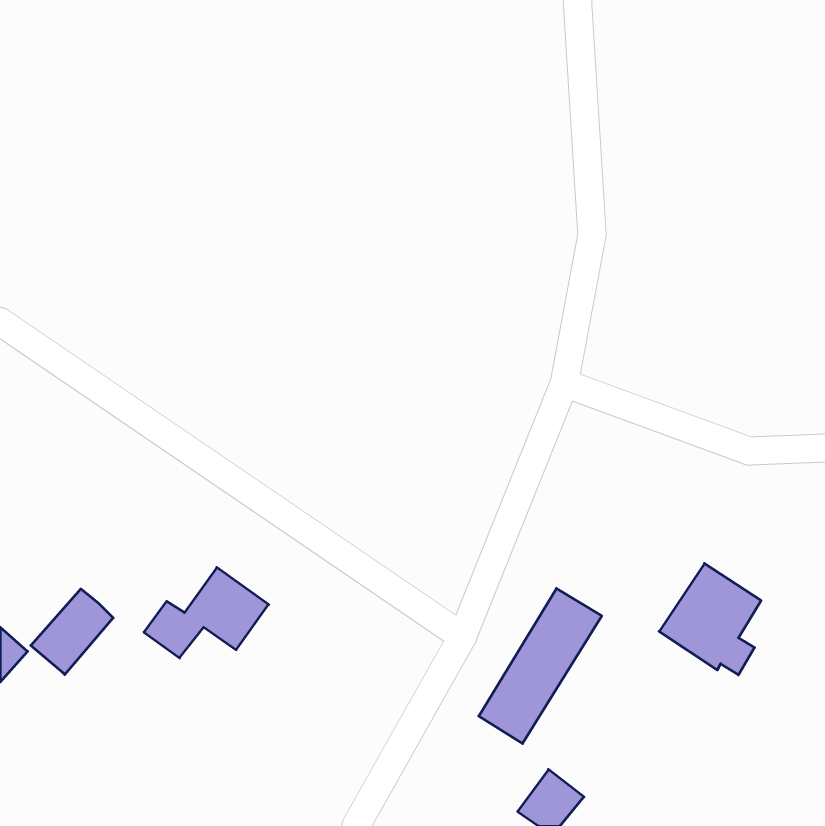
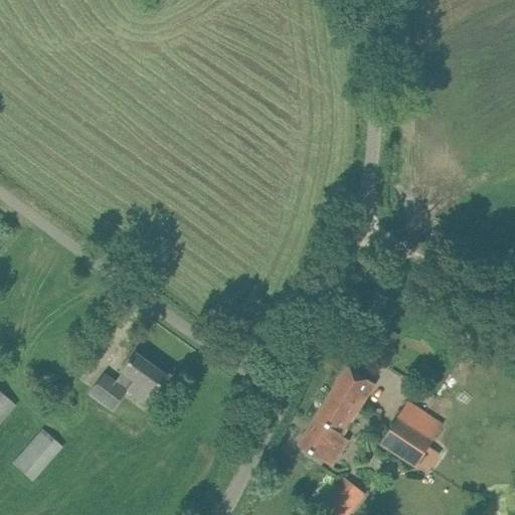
building: [659,563,761,675] -> [380,401,444,471]
building: [31,589,113,675] -> [12,428,63,482]

